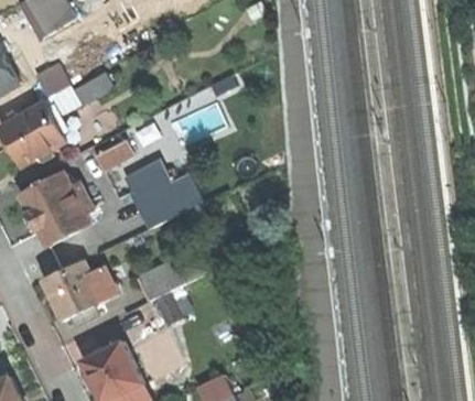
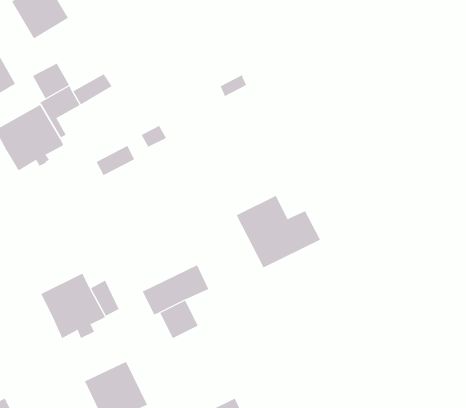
building: [122,159,202,227] -> [236,195,321,268]
building: [20,173,93,246] -> none

